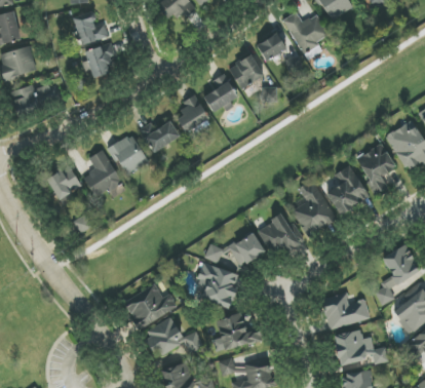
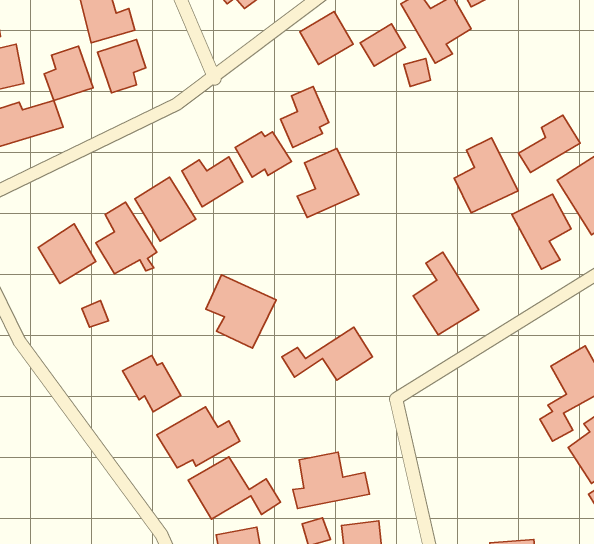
building: none -> [44,46,93,101]
building: [229,54,264,89] -> [300,11,353,64]
building: none -> [518,115,580,173]
building: none -> [297,149,359,218]
building: [326,164,369,214] -> [454,138,518,213]
building: [259,215,300,253] -> none
building: none -> [123,355,181,412]
building: [195,261,241,309] -> [206,275,276,348]
building: [321,293,371,329] -> none
building: [335,331,389,364] -> none

